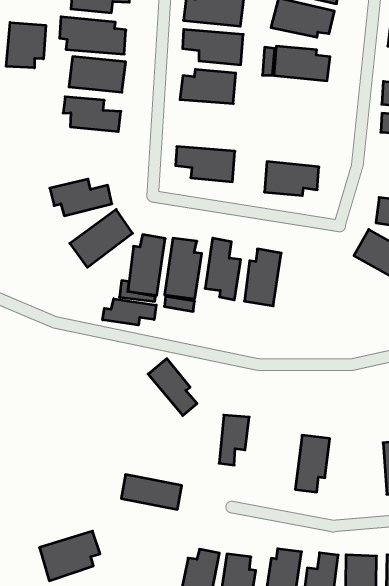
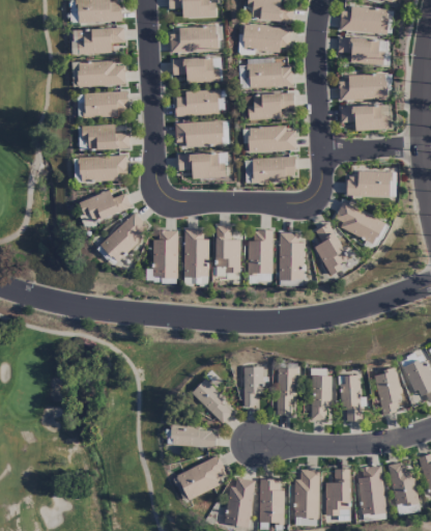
building: [6,22,46,68] -> none
building: none -> [248,93,294,119]
building: none -> [175,120,224,146]
building: none -> [249,125,296,151]
building: none -> [80,155,127,183]
building: none -> [315,223,349,275]
building: none -> [279,232,305,280]
building: [103,299,156,325] -> none
building: [148,359,197,416] -> [192,379,234,423]
building: none -> [277,368,297,415]
building: none -> [340,374,362,421]
building: [39,531,100,581] -> [177,455,227,500]

